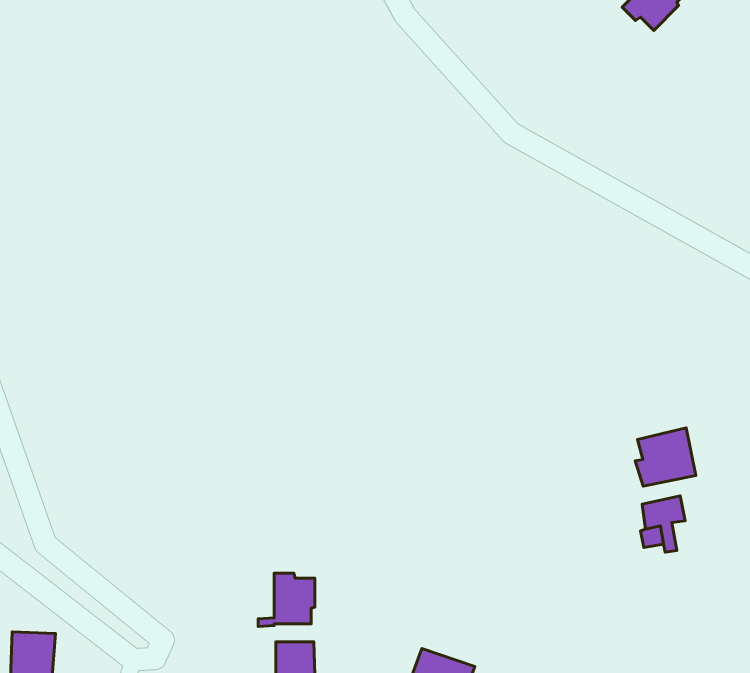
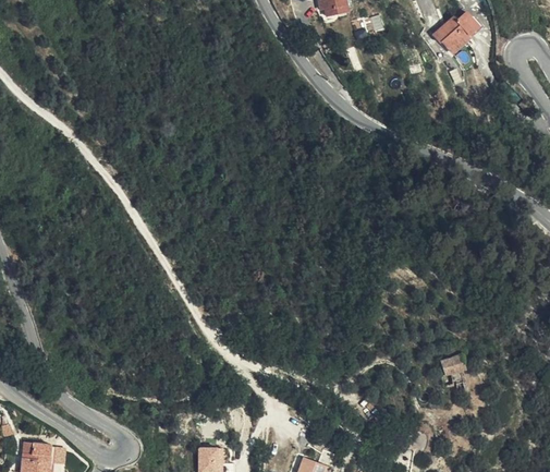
building: [635,428,696,486] -> none
building: [258,573,315,627] -> none

